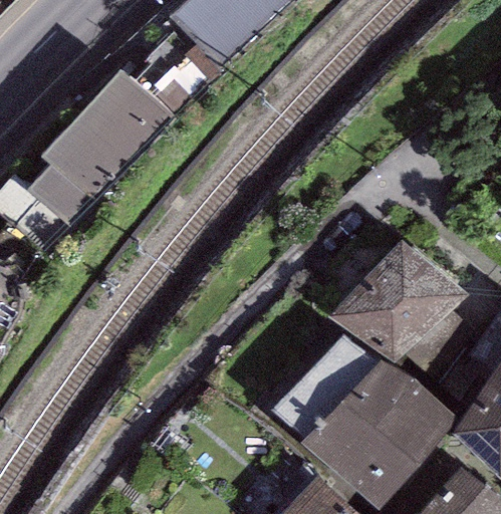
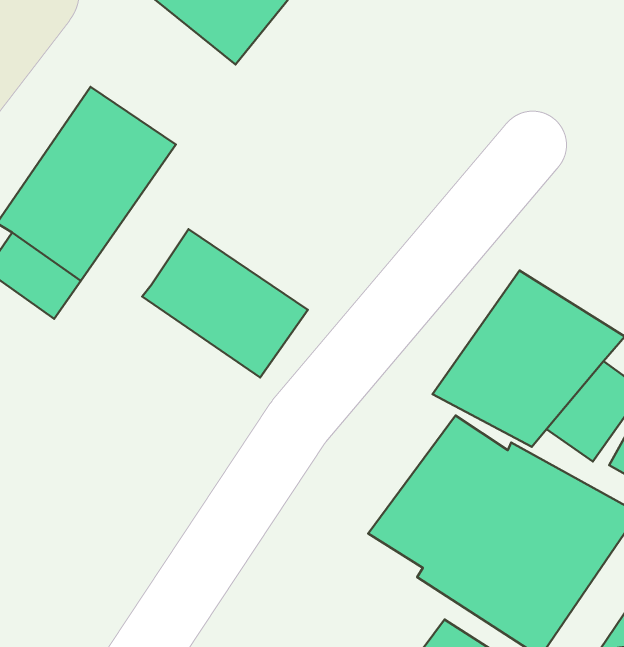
building: none -> [142,229,308,378]

